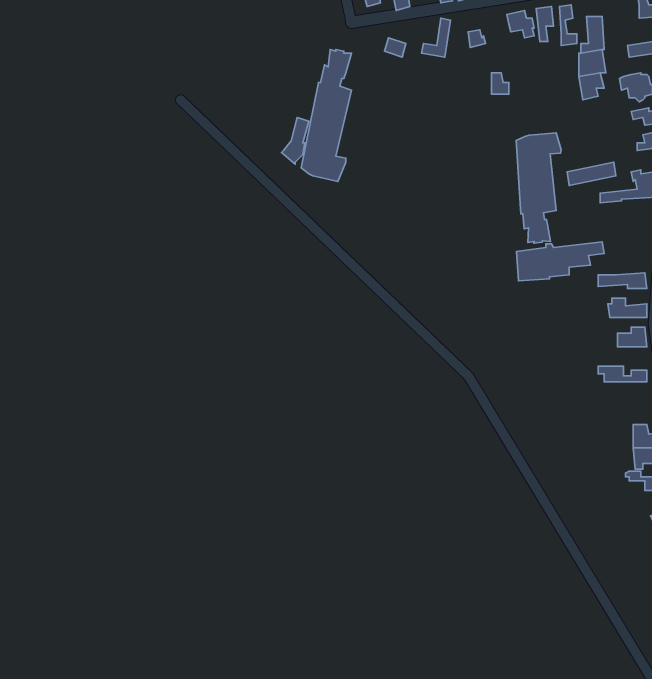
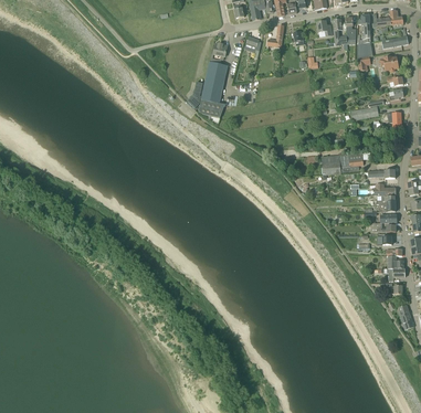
building: [516,133,561,243] -> none

